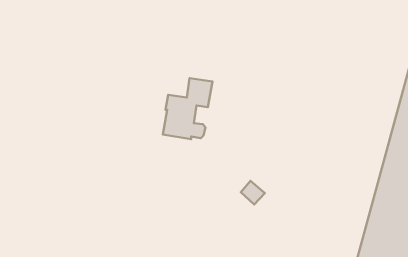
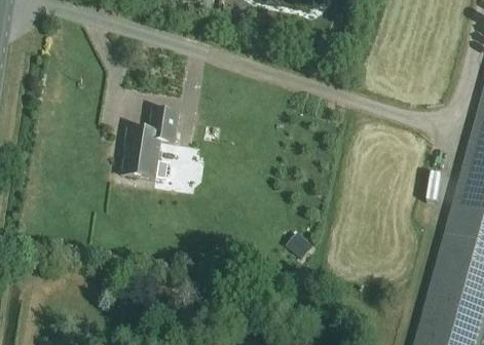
building: [163,78,212,139] -> [122,108,180,179]

